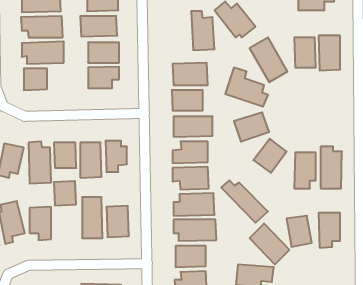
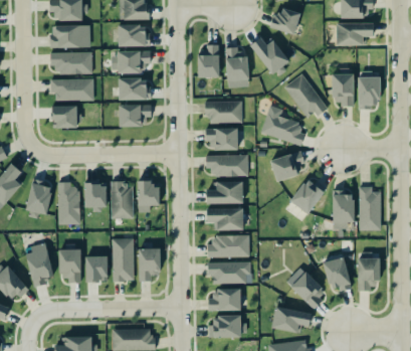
building: none -> [197,46,220,76]
building: [221,180,268,223] -> none
building: [54,181,76,205] -> [84,255,108,281]

